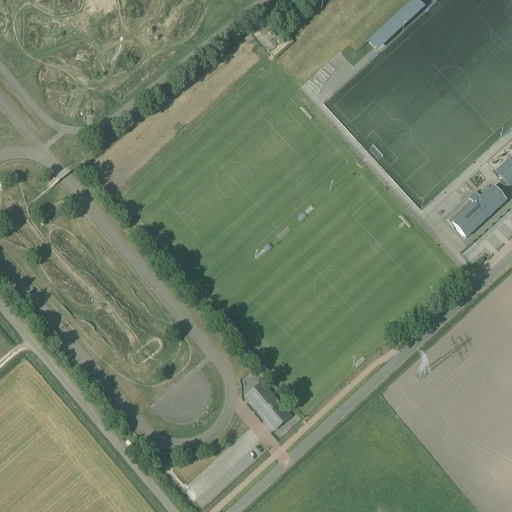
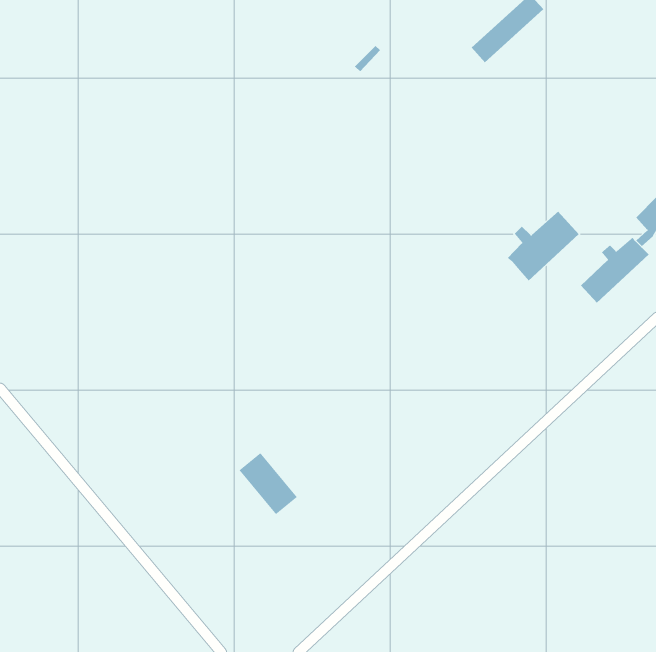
building: none -> [507,211,580,281]
building: [245,381,291,430] -> [239,452,298,515]

